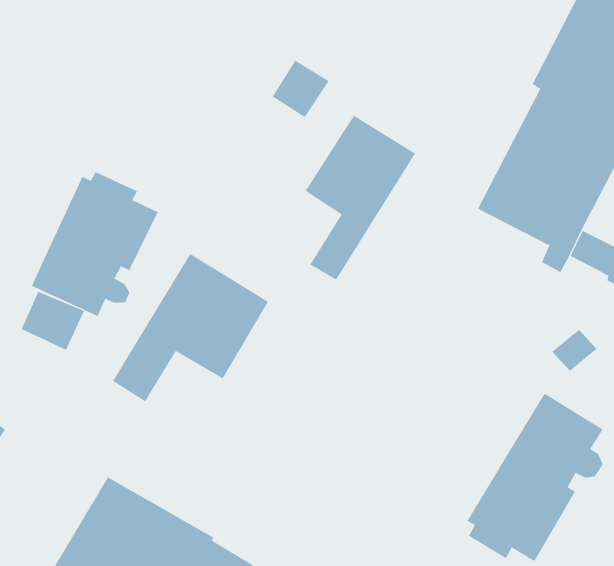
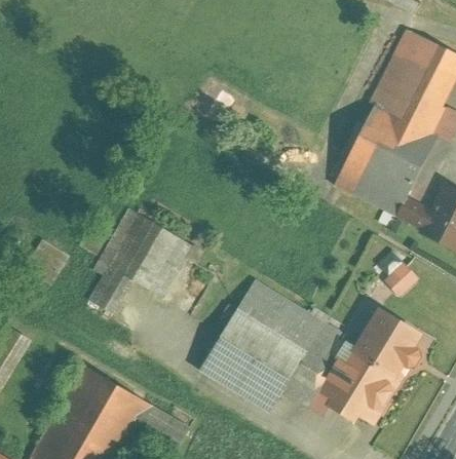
building: [305,115,416,280] -> none
building: [31,171,158,317] -> none
building: none -> [199,280,354,412]

